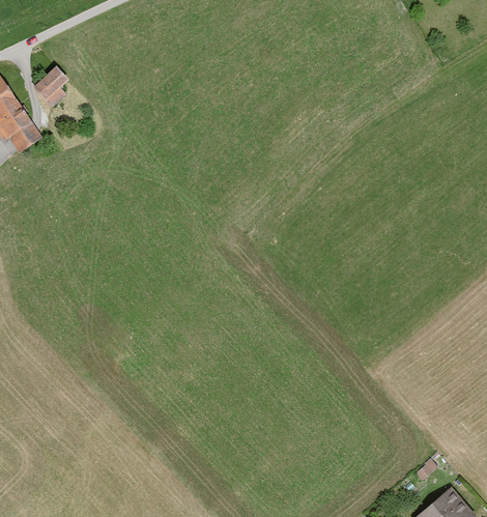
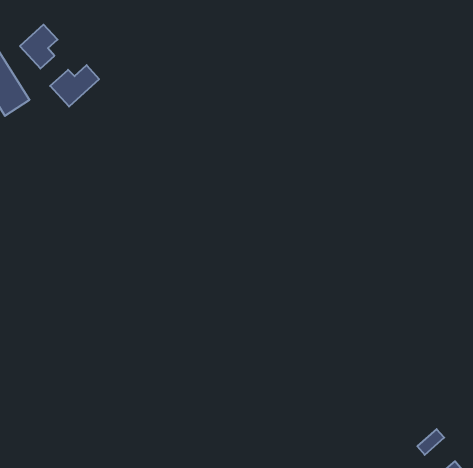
building: none -> [50,65,99,107]

